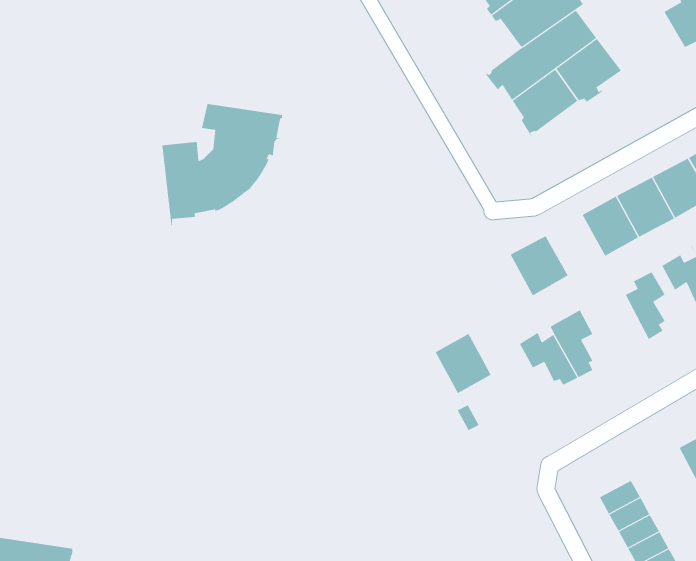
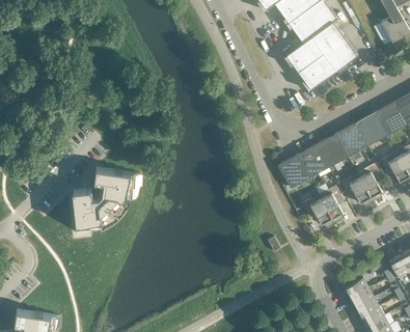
building: [161,104,283,227] -> [72,167,138,234]
building: none -> [317,133,349,166]
building: none -> [340,171,373,205]
building: [435,333,492,394] -> [278,155,309,188]

